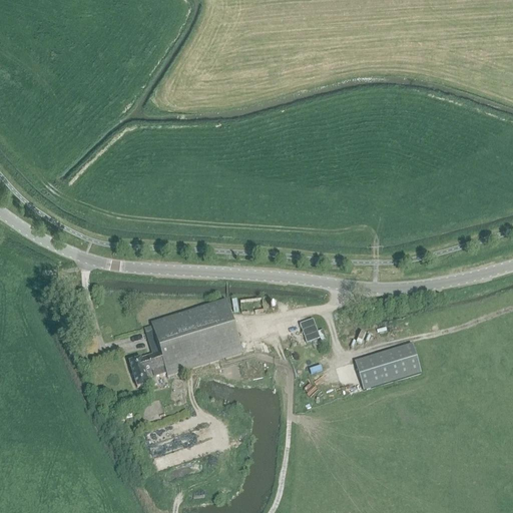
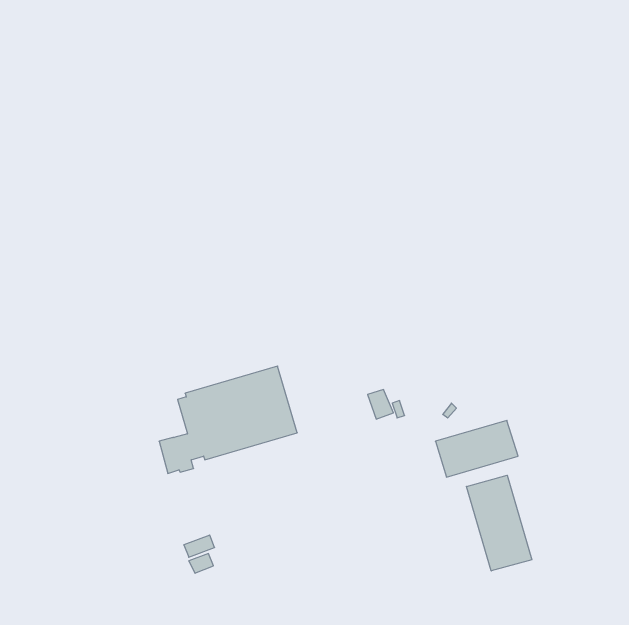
building: none -> [466,475,532,571]

